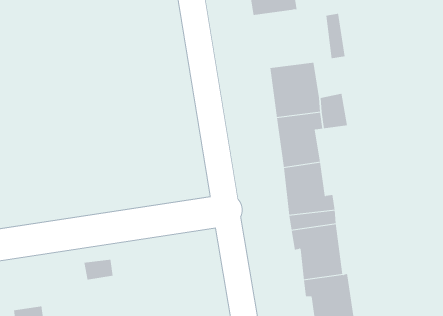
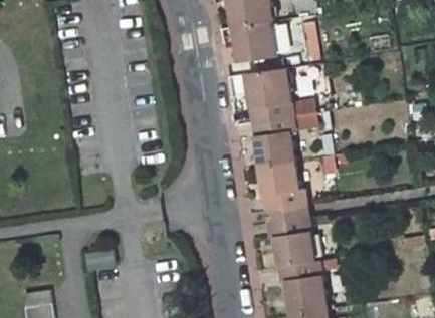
building: none -> [221,22,275,63]

